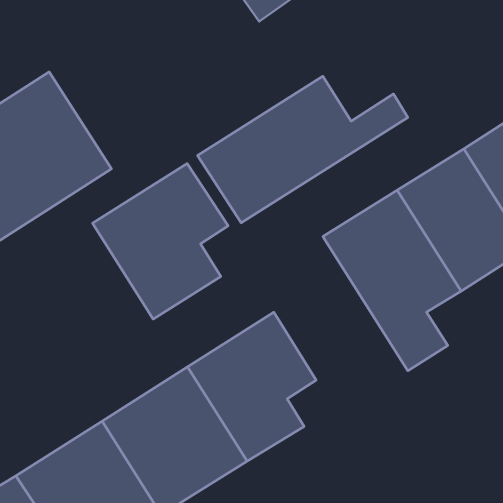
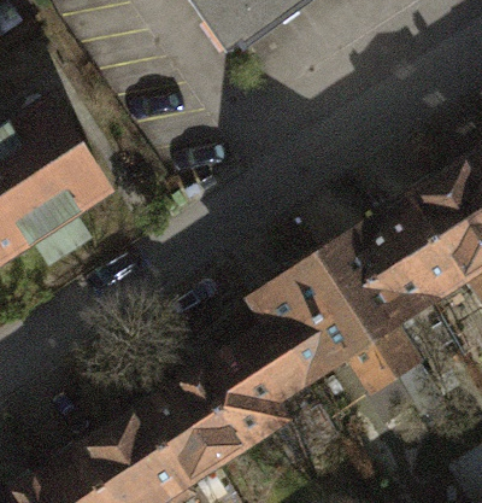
building: [198,76,408,223] -> none
building: [93,164,228,319] -> none
building: none -> [240,250,380,397]

